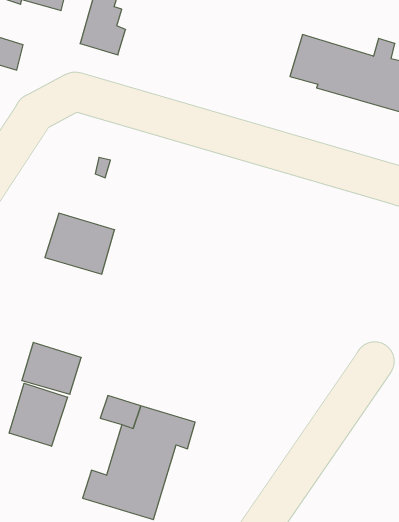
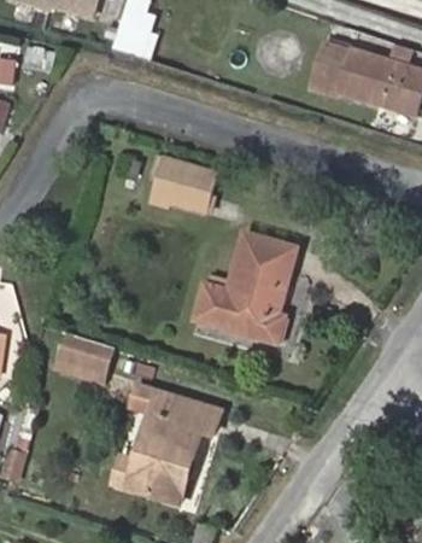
building: [45,213,115,274] -> [151,156,217,214]
building: none -> [195,233,298,343]
building: [9,383,68,446] -> none

